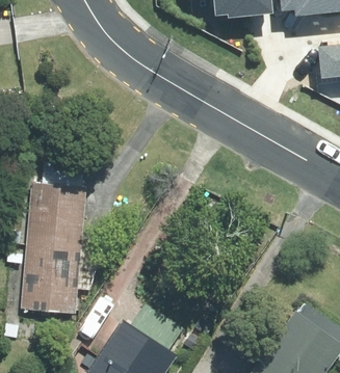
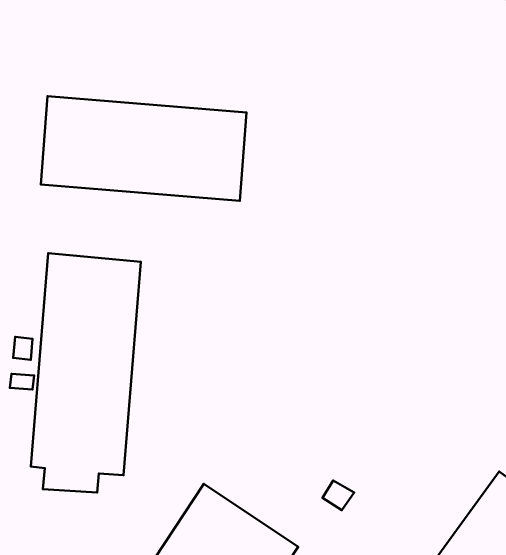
building: none -> [41,96,246,201]

